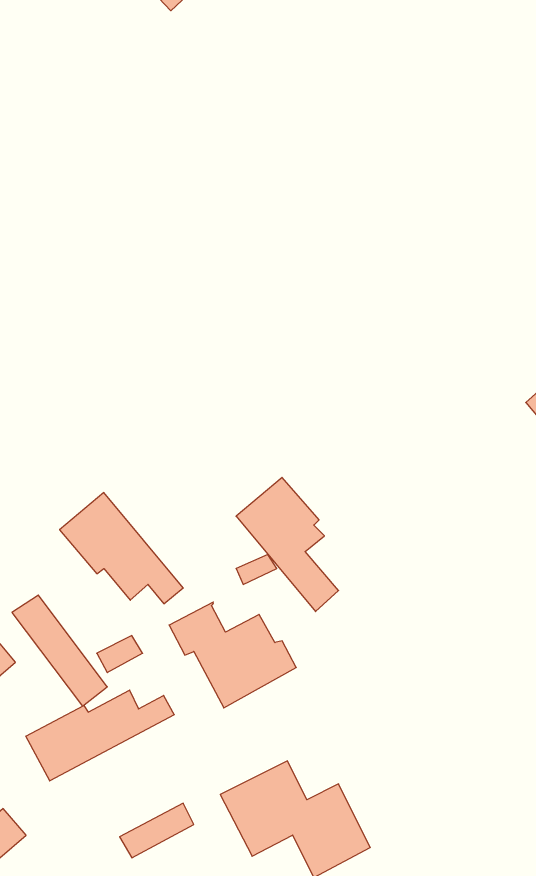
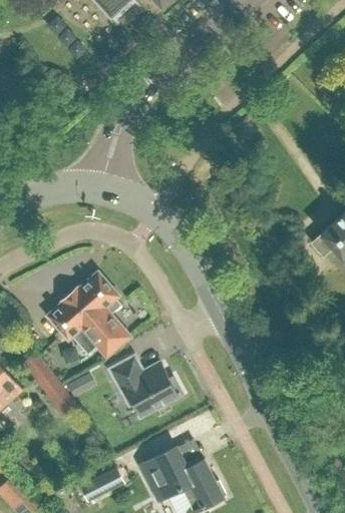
building: [236,477,339,612] -> [72,272,130,348]
building: [26,690,174,781] -> none

